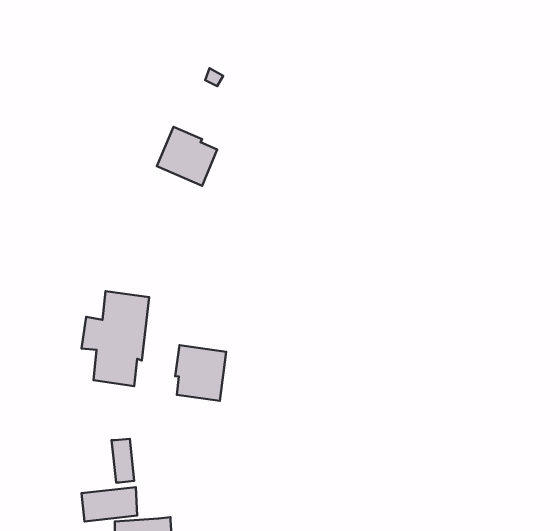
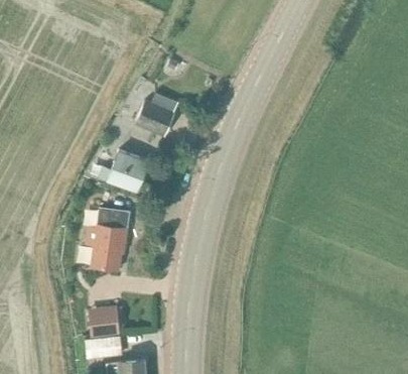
building: none -> [98,148,149,192]
building: [175,345,226,401] -> none

